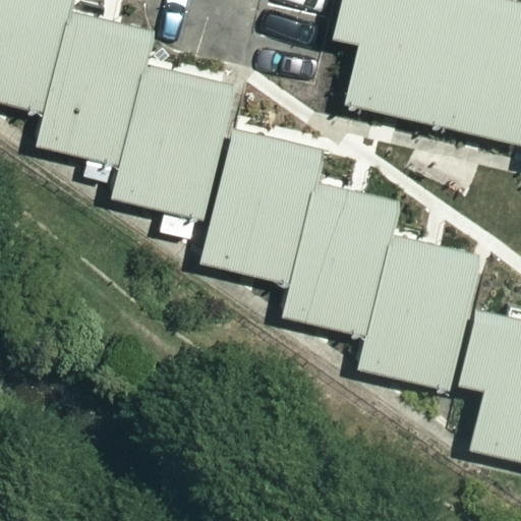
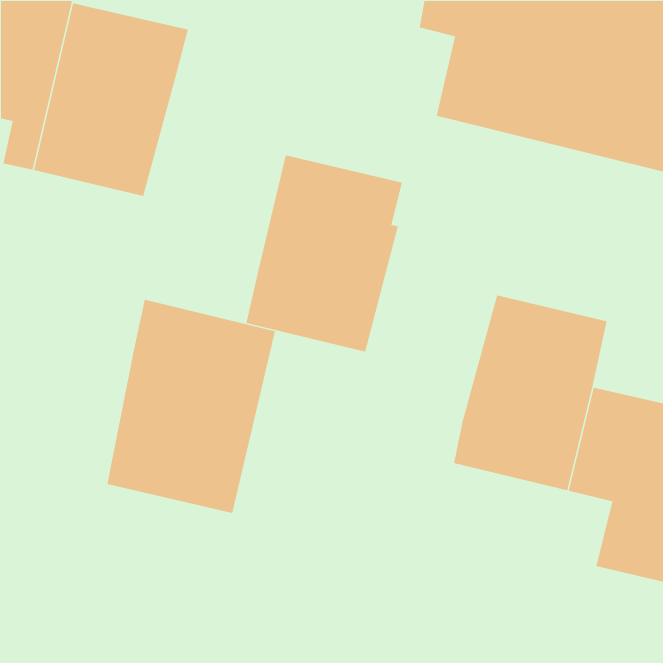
building: [112,67,230,218] -> none
building: [283,183,400,333] -> none
building: none -> [106,299,276,514]

